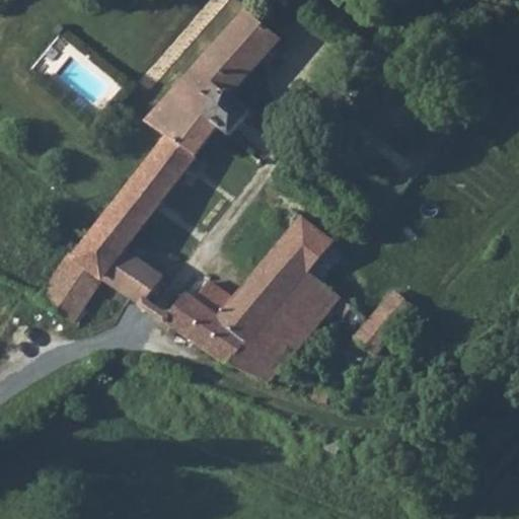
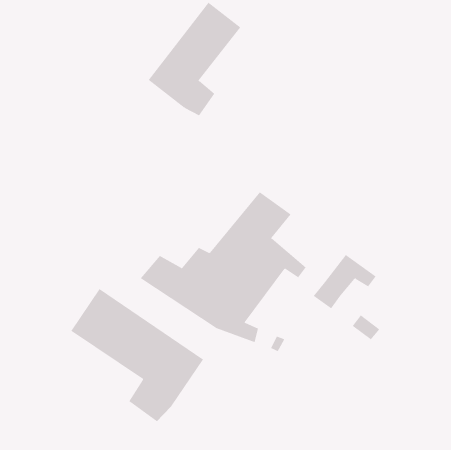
building: [30,91,213,319] -> none
building: none -> [71,288,204,422]

